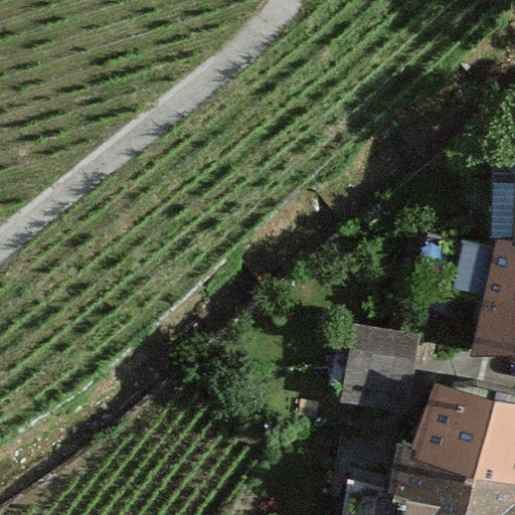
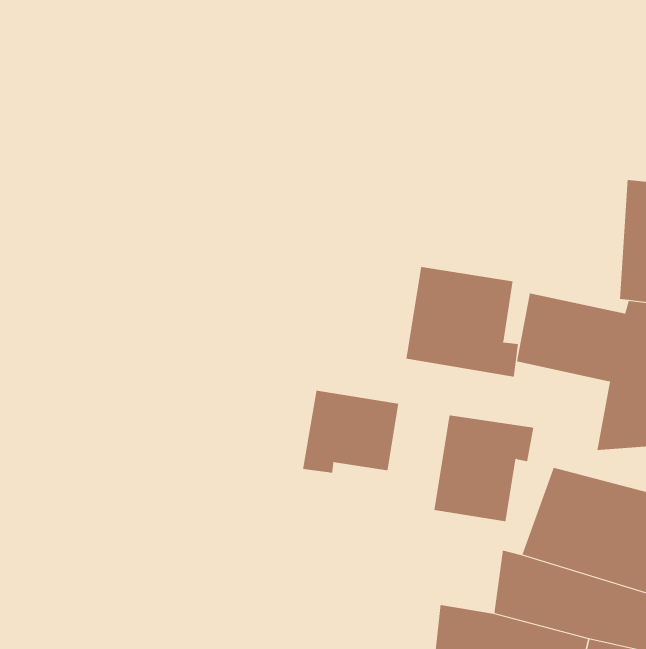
building: none -> [406,266,519,377]
building: none -> [303,390,399,474]

